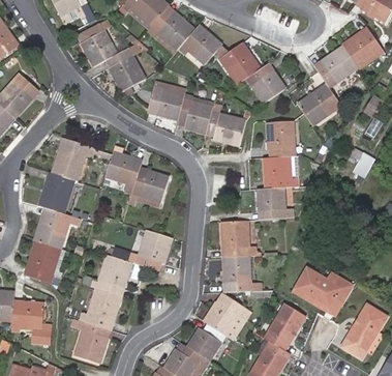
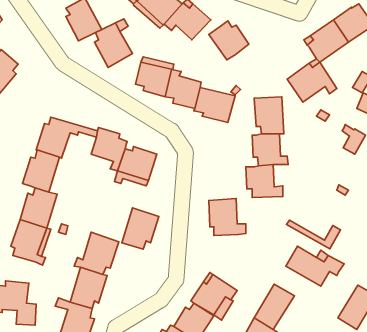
building: [246,65,285,104] -> none
building: [222,255,259,291] -> none
building: [293,286,345,314] -> [286,220,340,249]

